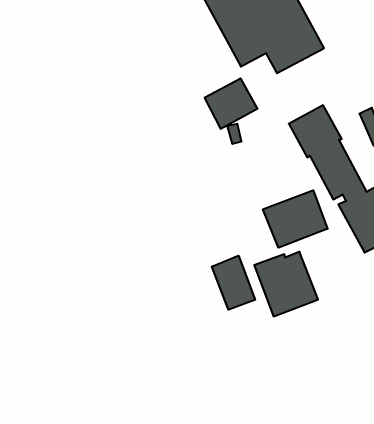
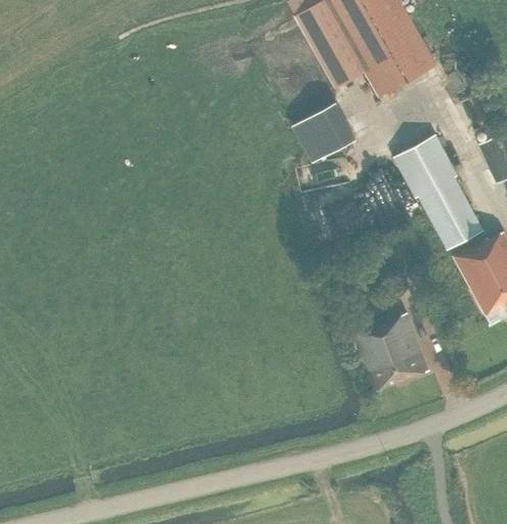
building: [263,190,328,248] -> none
building: [212,256,255,310] -> none

